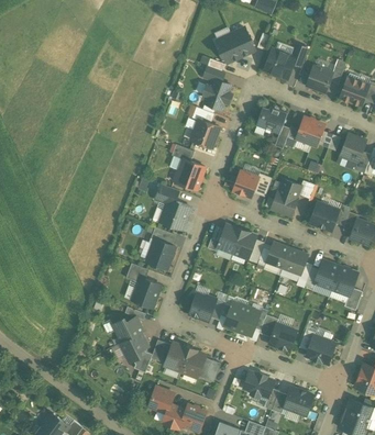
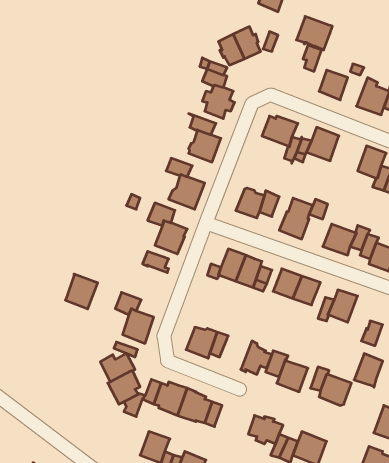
building: [263,48,295,78] -> [296,16,332,50]
building: [146,238,175,269] -> [65,274,98,309]
building: [331,266,356,295] -> [354,354,383,387]
building: [220,303,246,331] -> none

